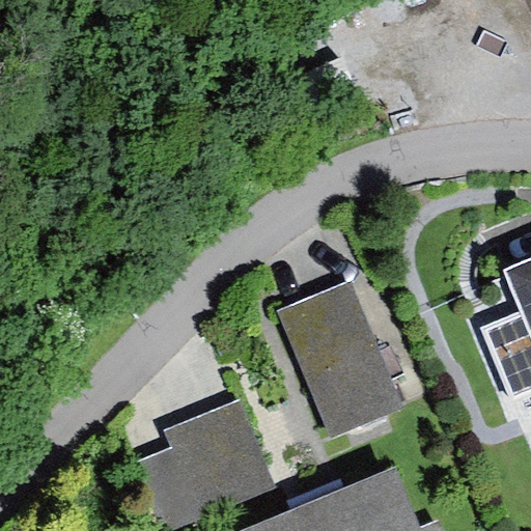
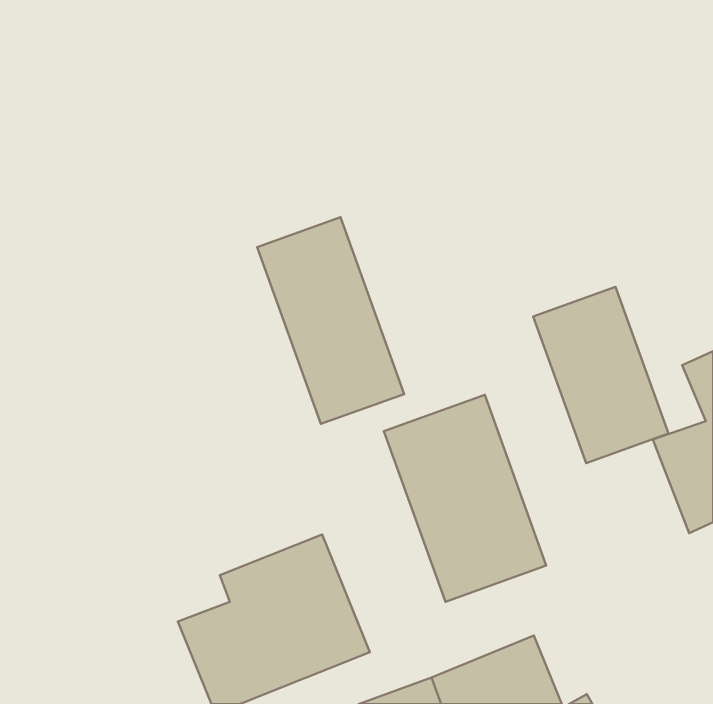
building: none -> [257,217,404,424]
building: none -> [533,287,668,463]

